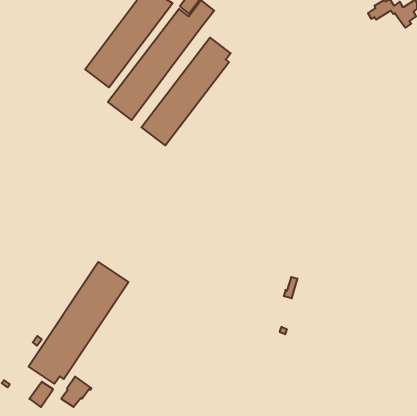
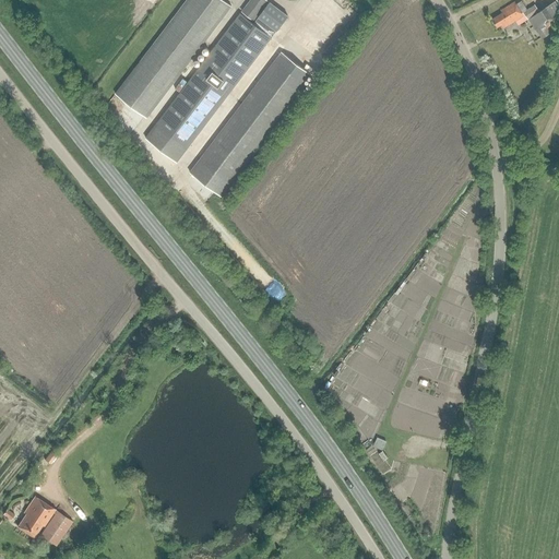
building: [29,262,128,384] -> none
building: [61,377,91,407] -> [15,495,56,535]

